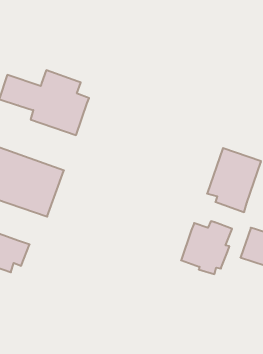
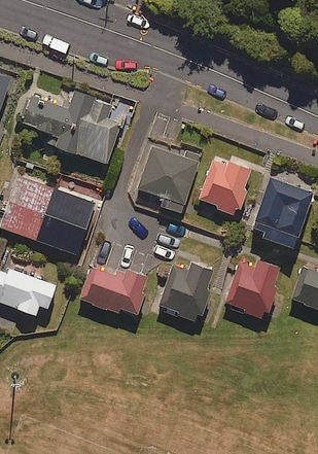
building: none -> [138,146,201,213]
building: none -> [198,160,251,215]
building: none -> [158,264,213,322]
building: none -> [78,267,148,315]

